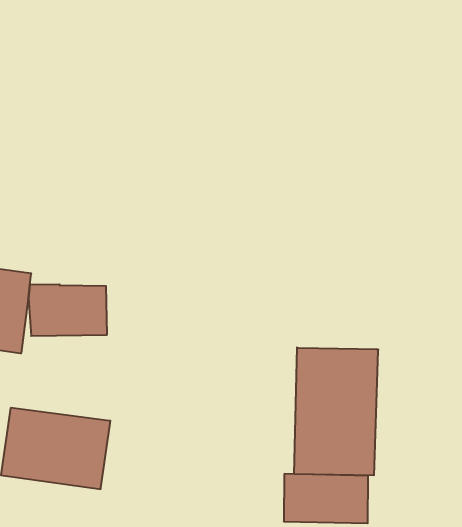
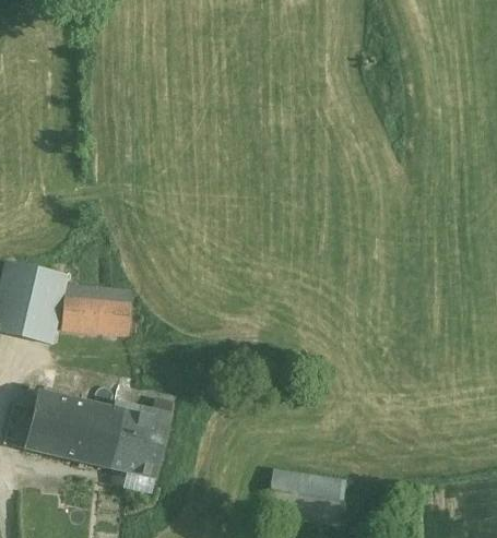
building: [294,347,378,475] -> none
building: none -> [110,402,170,491]

